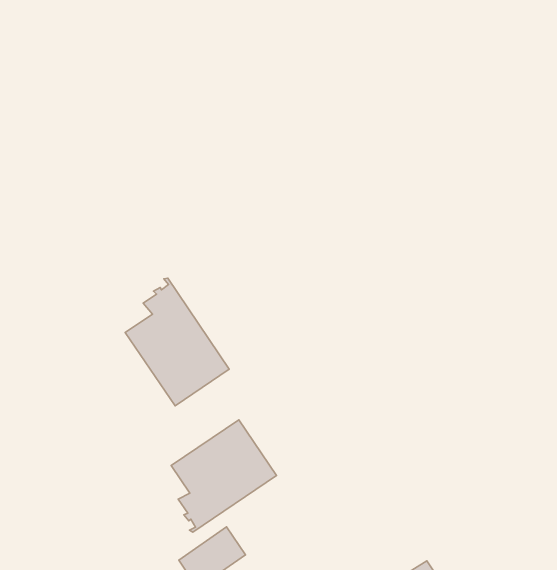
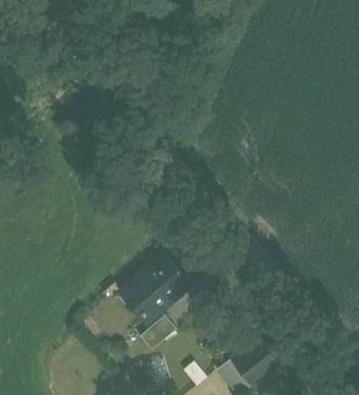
building: [125,278,229,406] -> none

